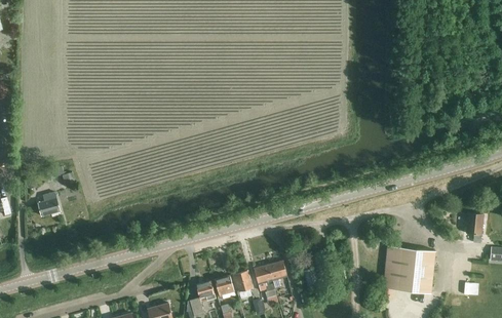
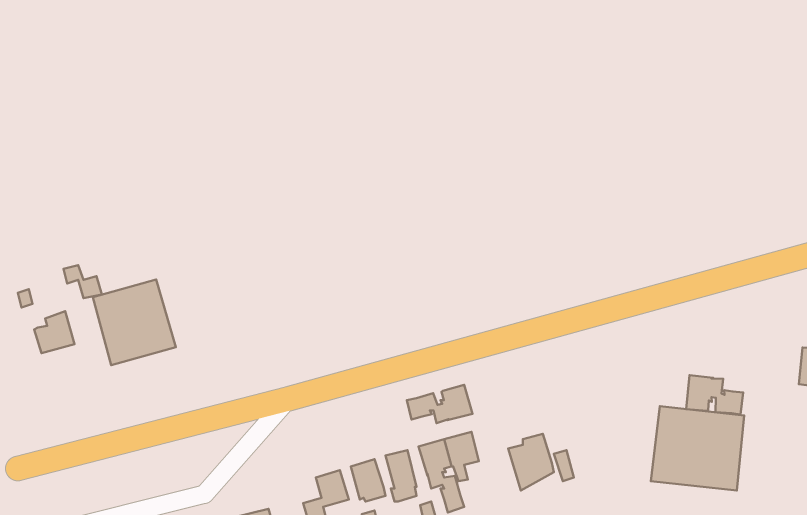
building: none -> [93,280,176,365]
building: none -> [686,375,743,415]
building: none -> [407,385,472,423]

